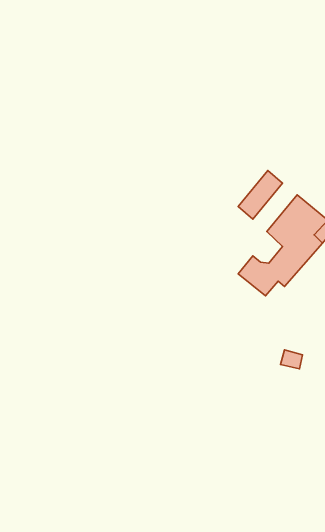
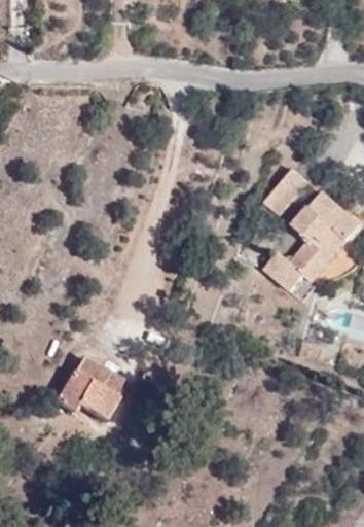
building: none -> [53,356,122,422]

